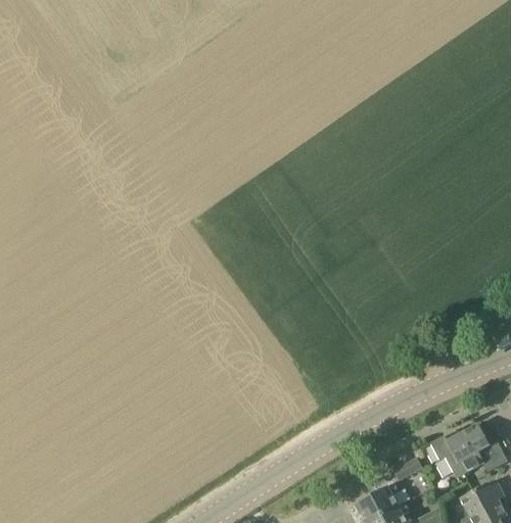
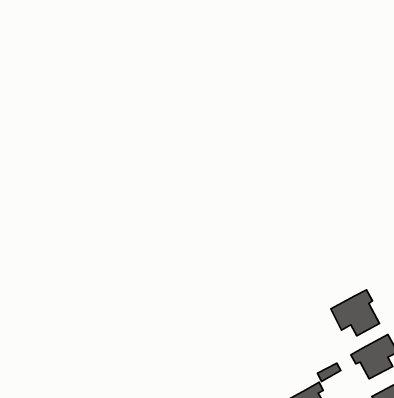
building: none -> [331,290,379,336]

